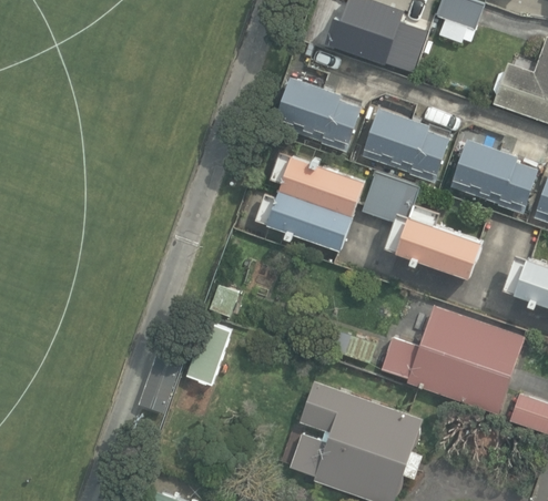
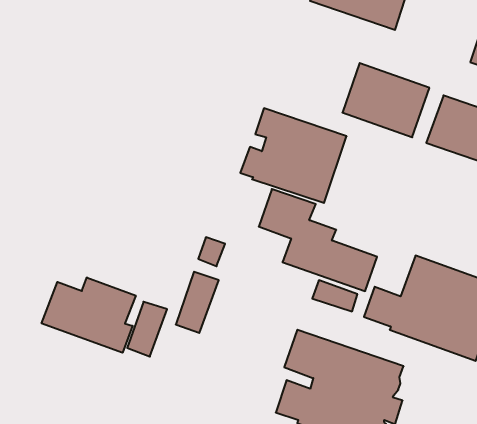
building: [273,76,362,154] -> none
building: [362,173,484,278] -> [259,189,377,291]
building: none -> [42,277,136,353]

